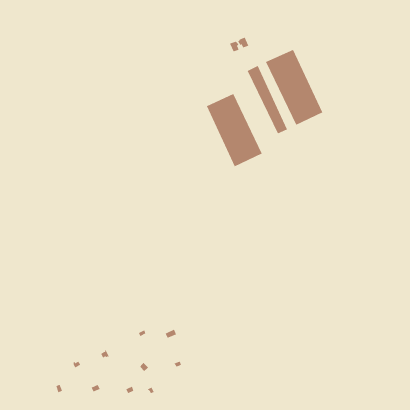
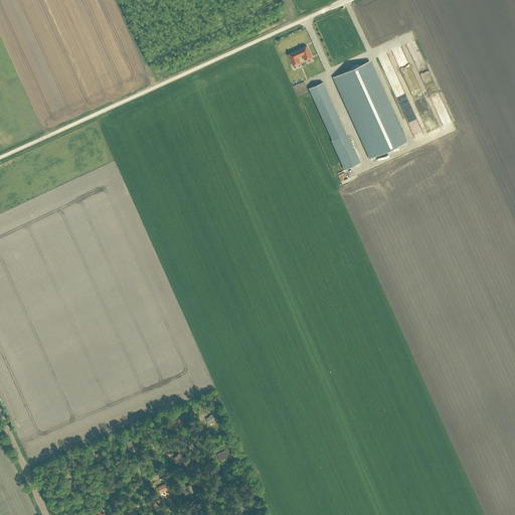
building: [206,93,262,167] -> none

